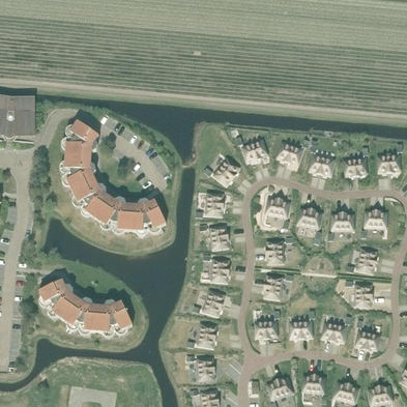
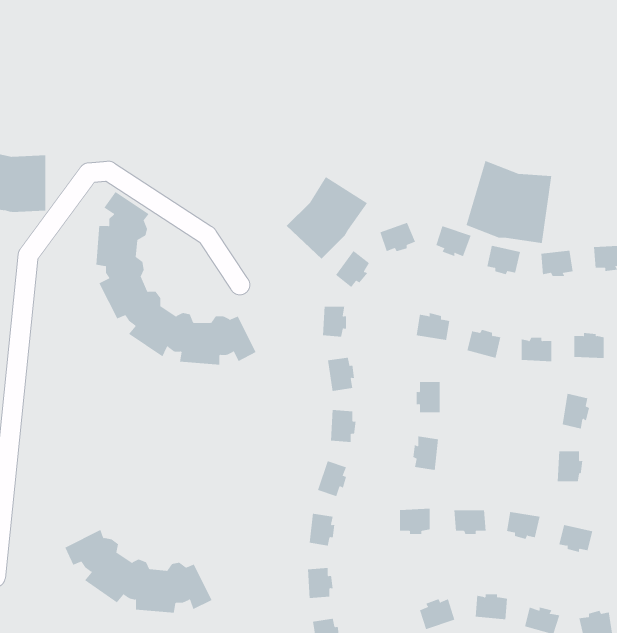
building: none -> [466,160,552,244]
building: none -> [286,176,368,260]
building: [39,280,133,332] -> [65,529,212,613]

